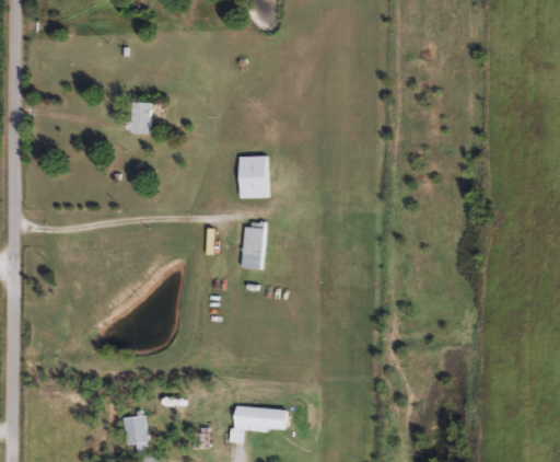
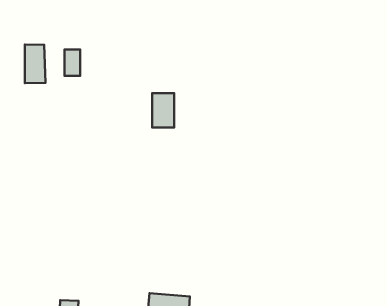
building: none -> [25,45,45,83]
building: [243,222,264,269] -> none

